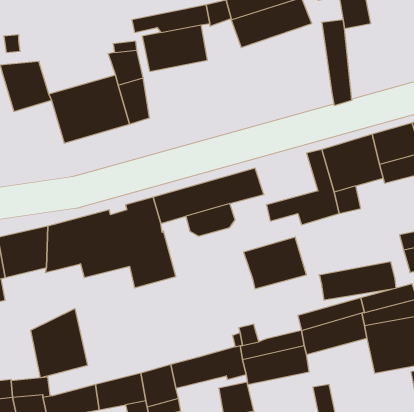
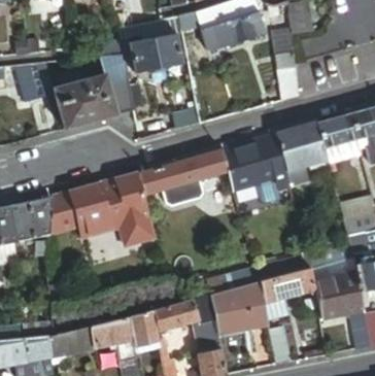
building: [244,237,306,289] -> [220,138,272,180]
building: [319,262,396,300] -> none
building: [31,309,87,378] -> none

